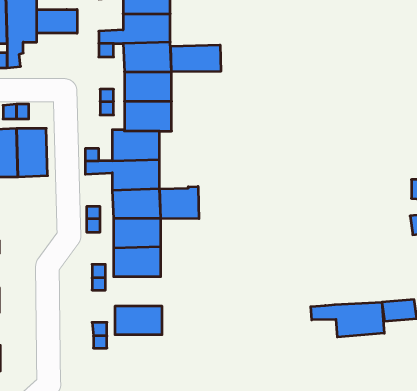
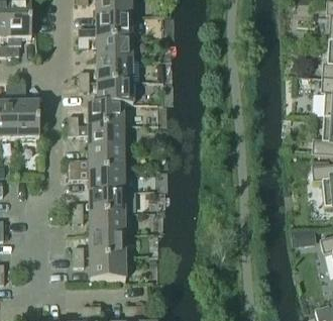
building: [37,9,77,33] -> none
building: [171,45,221,72] -> none
building: [160,186,199,219] -> none
building: none -> [89,212,125,234]
building: [311,302,384,337] -> none
building: none -> [90,255,125,279]

